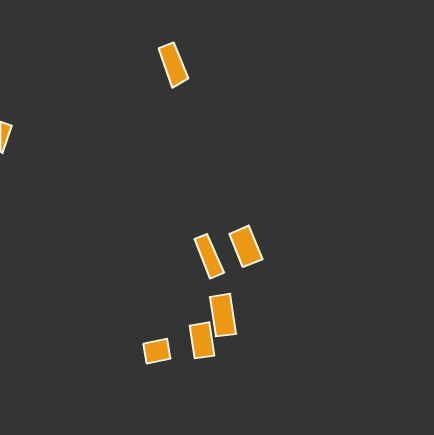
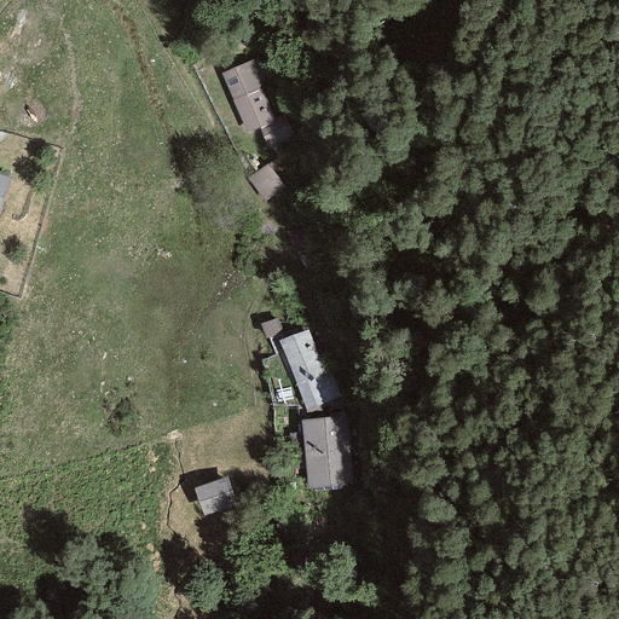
building: [229,225,263,267] -> none
building: [190,322,214,358] -> none

